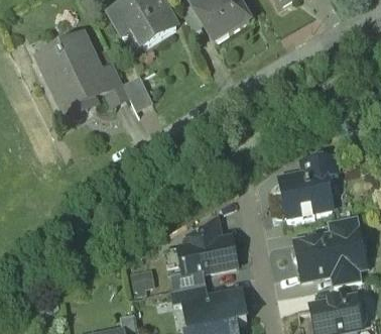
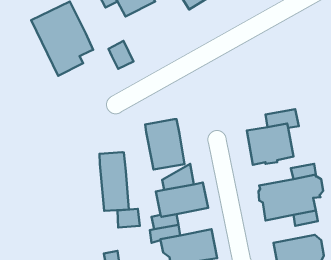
building: [99,62,128,101] -> none
building: none -> [145,119,185,169]
building: none -> [99,152,129,211]

